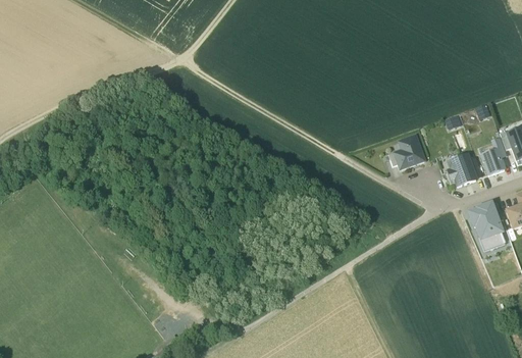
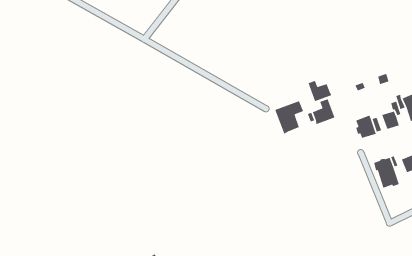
building: none -> [307,80,333,102]
building: none -> [274,100,304,135]

